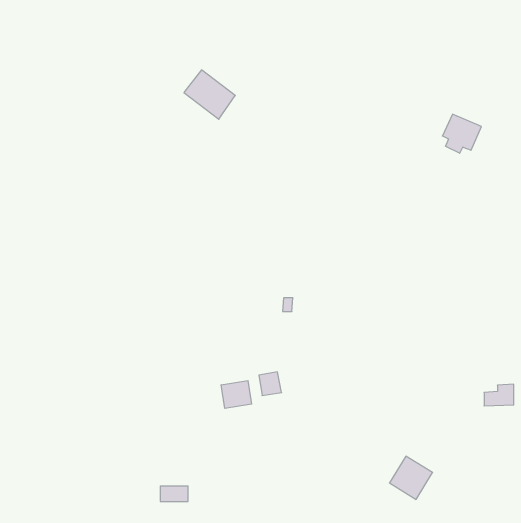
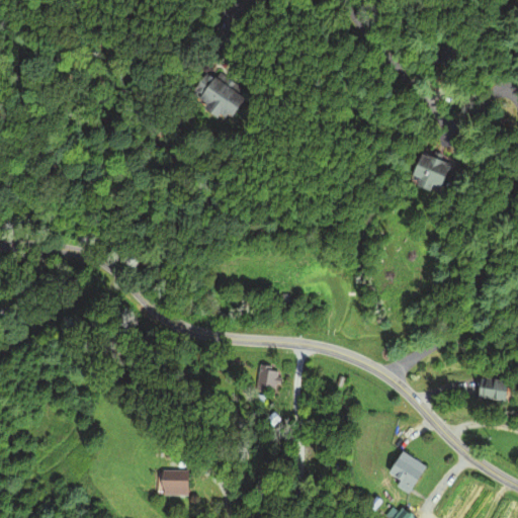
building: [442,114,481,153] -> [407,150,445,188]
building: [221,381,252,408] -> none

